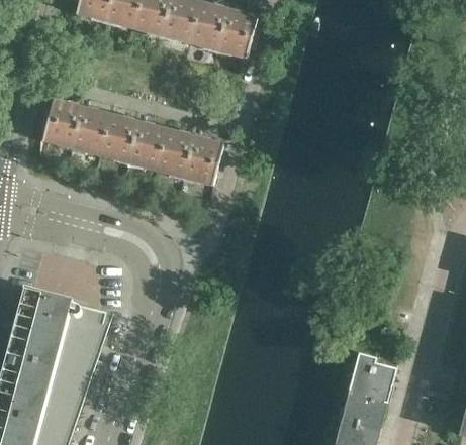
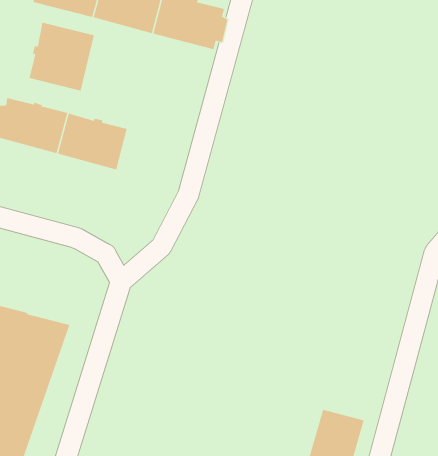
building: none -> [29,22,94,92]
building: [156,130,226,184] -> none
building: [348,352,396,402] -> none

